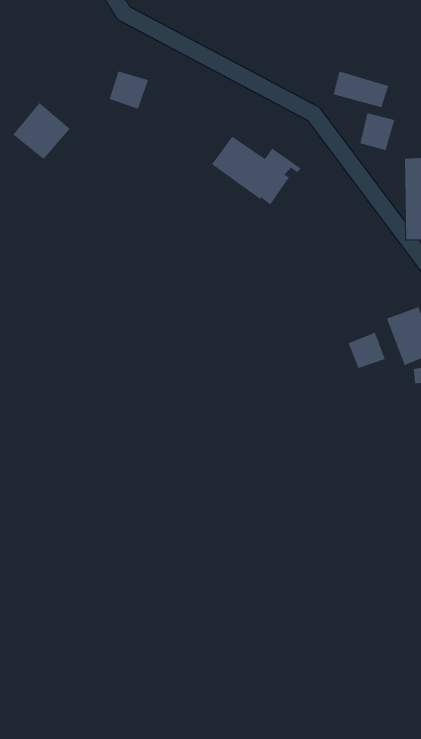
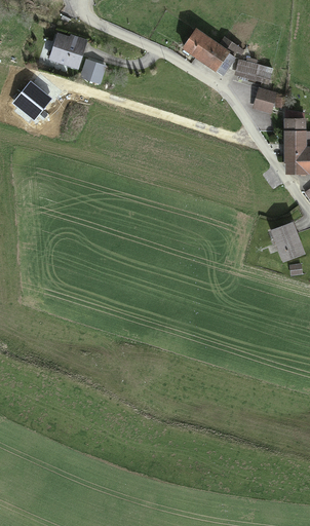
building: none -> [49,32,88,69]
building: [211,136,302,206] -> [182,28,244,76]
building: [348,332,385,369] -> none

